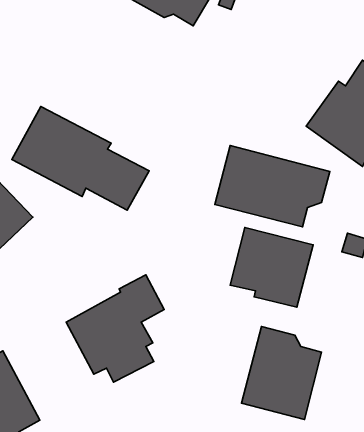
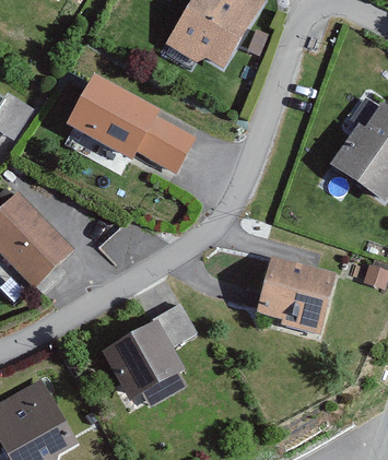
building: [12,106,149,210] -> [66,75,196,174]
building: [215,146,330,227] -> none
building: [242,326,321,420] -> none

